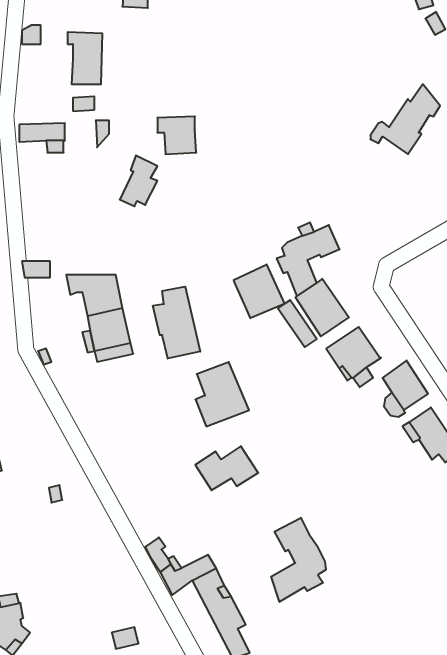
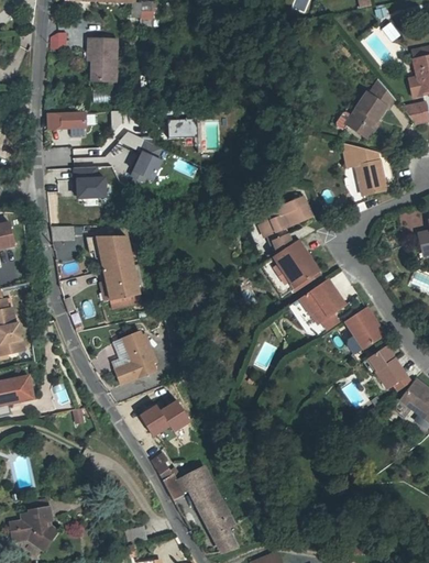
building: none -> [342,142,386,195]
building: none -> [74,166,106,197]
building: [234,264,285,318] -> none
building: [153,287,200,359] -> none
building: [195,362,249,426] -> [112,331,156,384]
building: [195,446,258,490] -> [140,399,191,435]
building: [271,518,326,602] -> none

